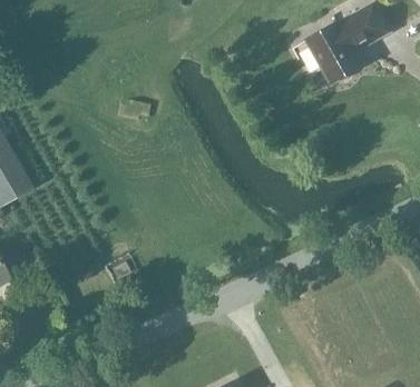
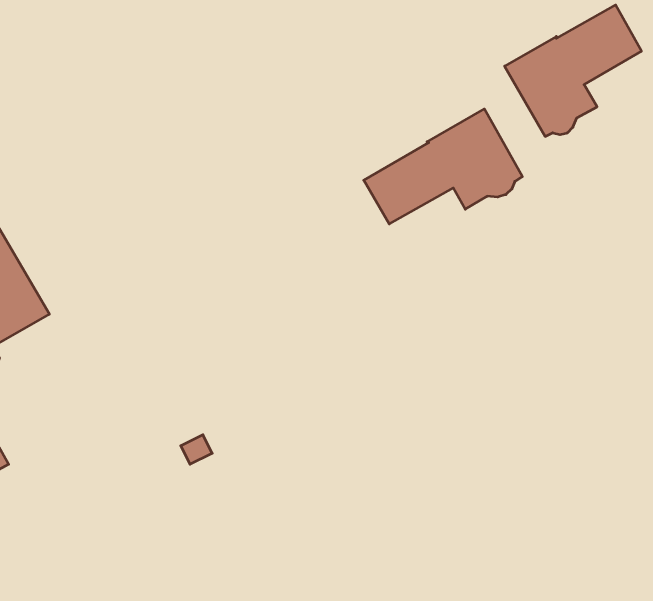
building: none -> [364,109,522,224]

